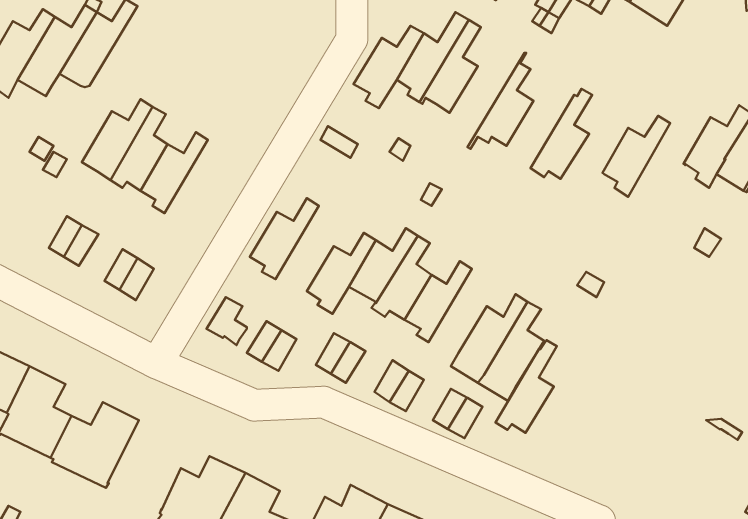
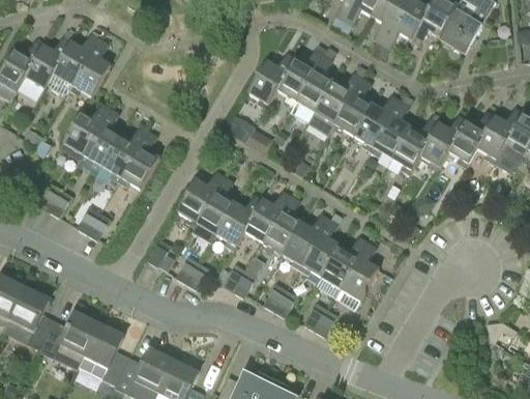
building: none -> [66,38,110,96]
building: none -> [308,66,366,136]
building: none -> [354,94,401,150]
building: none -> [449,111,495,167]
building: none -> [391,118,438,174]
building: none -> [118,131,159,189]
building: none -> [193,176,235,245]
building: [495,340,557,433] -> [300,213,343,278]
building: none -> [79,324,129,387]

